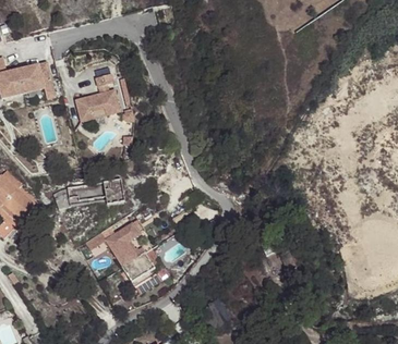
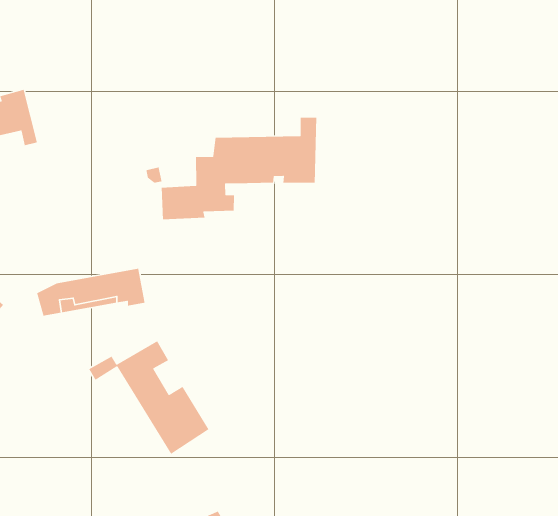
building: [77,72,121,120] -> none
building: none -> [161,117,317,220]

